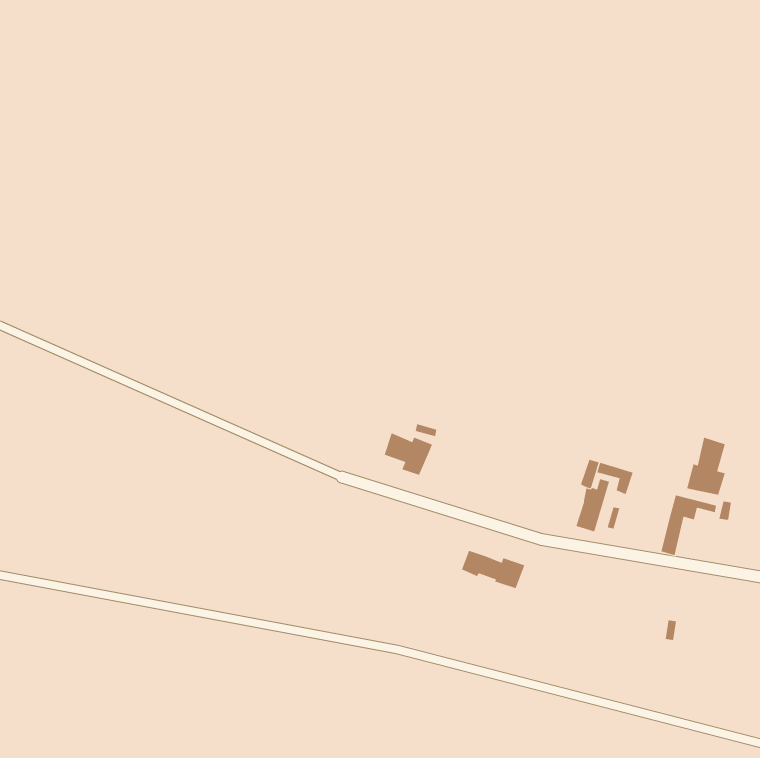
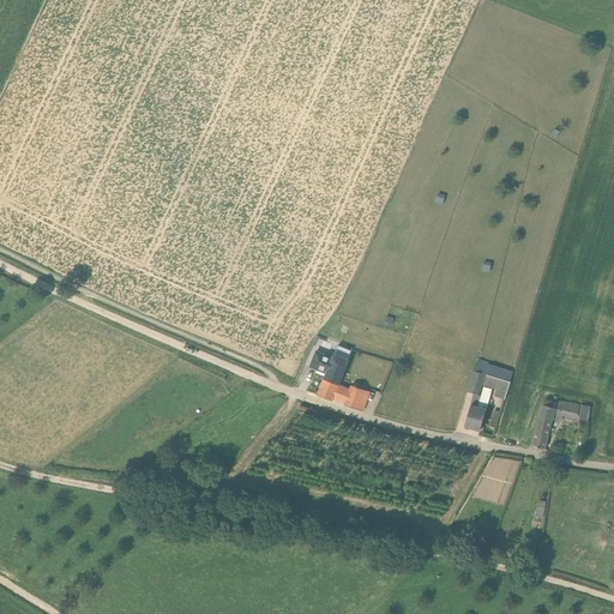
building: [687,437,726,496] -> none
building: [461,550,525,589] -> [318,379,369,410]

